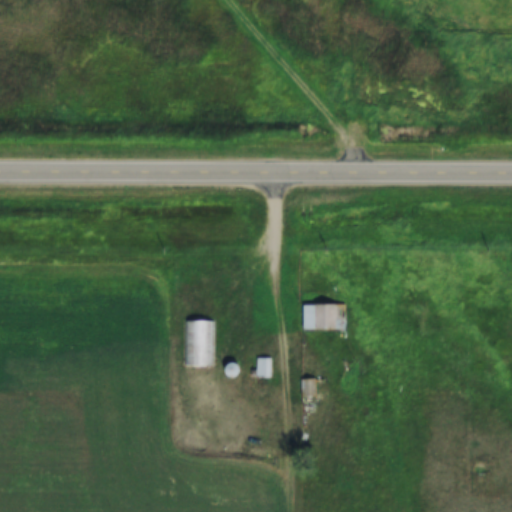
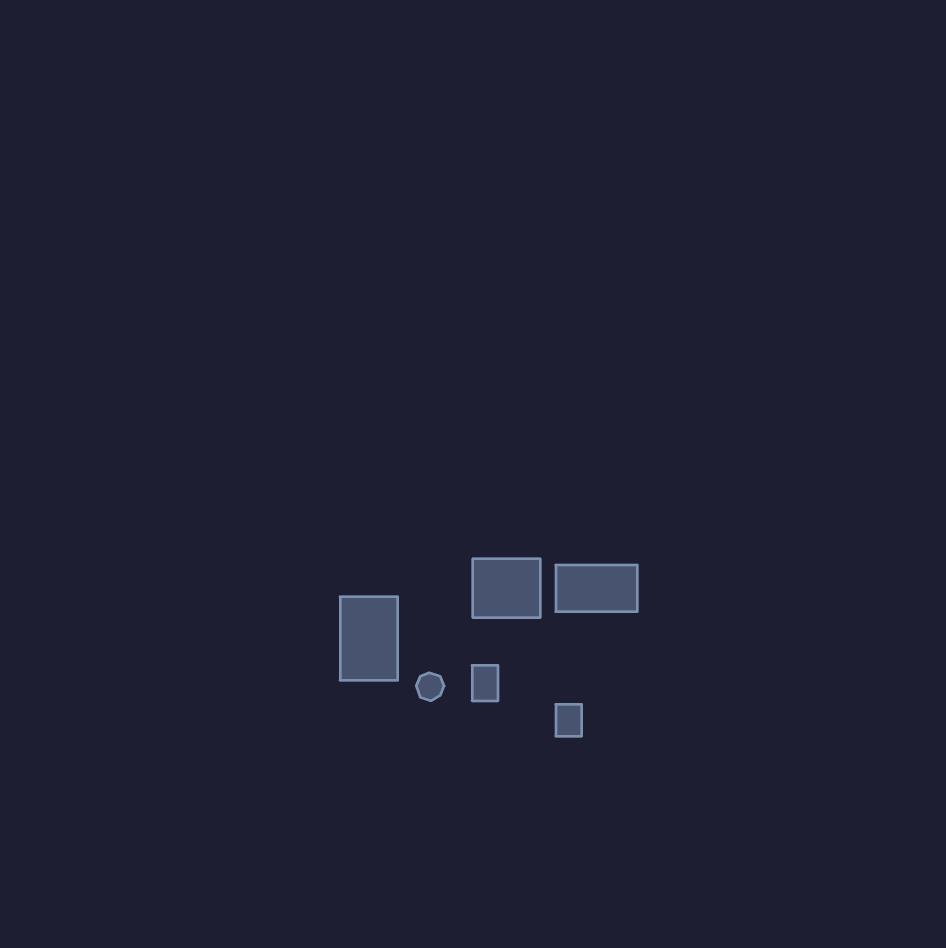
building: none -> [473,559,540,618]

